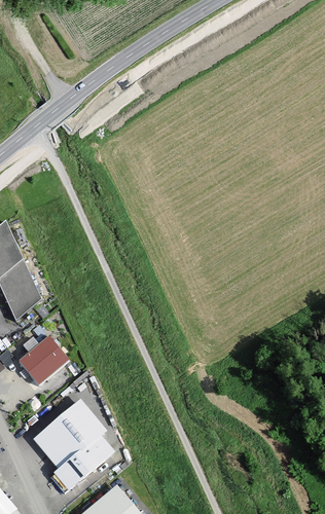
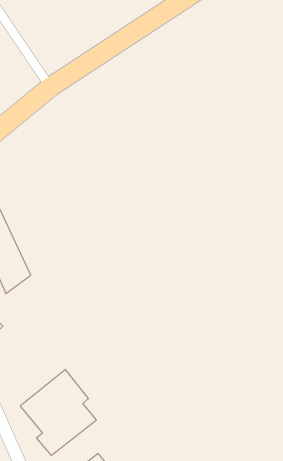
building: [19,335,69,384] -> none

